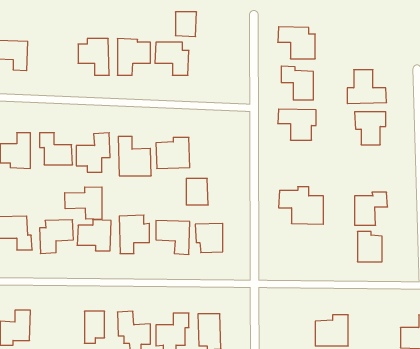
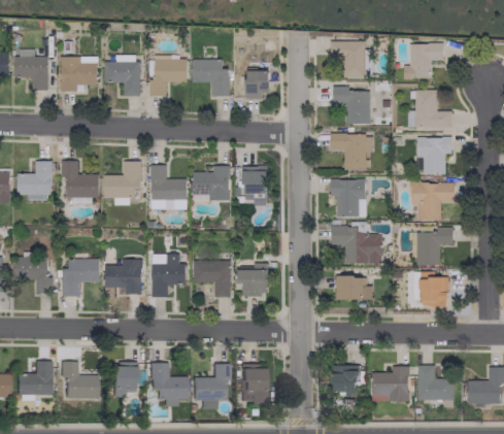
building: [175,12,197,37] -> [246,69,270,97]
building: none -> [404,43,443,78]
building: none -> [61,57,98,92]
building: none -> [331,178,366,216]
building: none -> [411,182,455,221]
building: [186,178,208,205] -> [243,166,268,196]
building: [65,187,102,219] -> none
building: none -> [335,276,372,300]
building: none -> [61,361,98,399]
building: none -> [333,365,359,394]
building: none -> [418,365,455,400]

